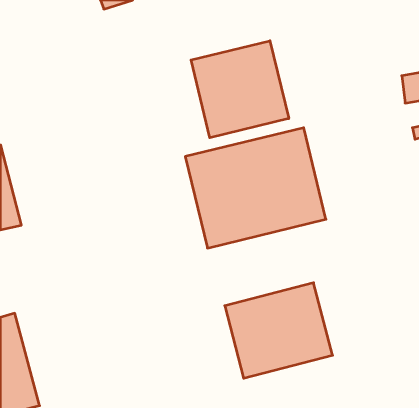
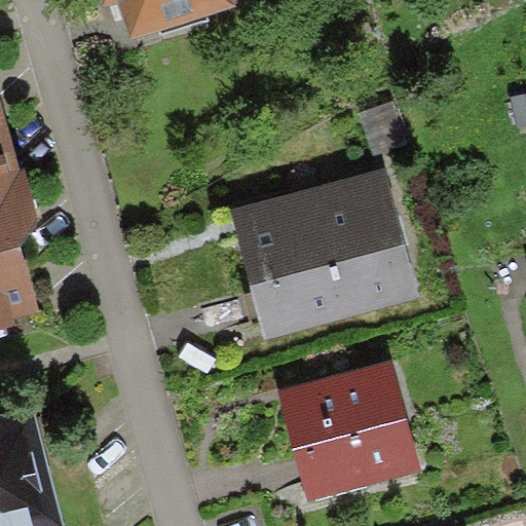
building: [191,41,289,138] -> none

